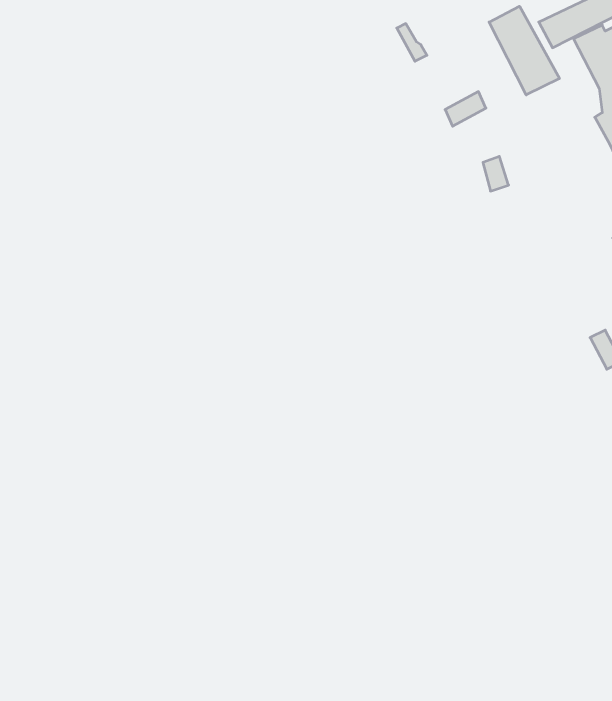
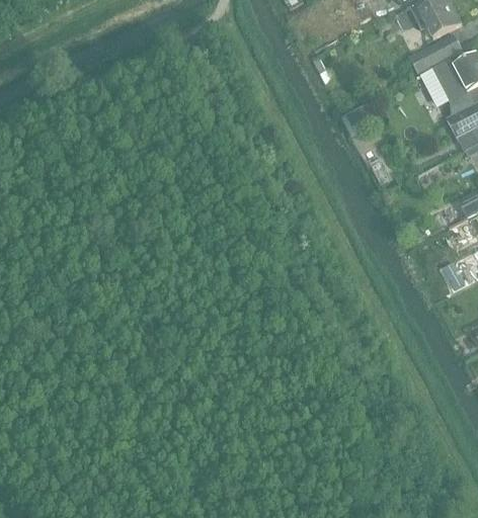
building: [489,6,559,95] -> none

